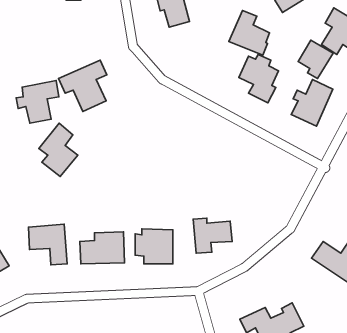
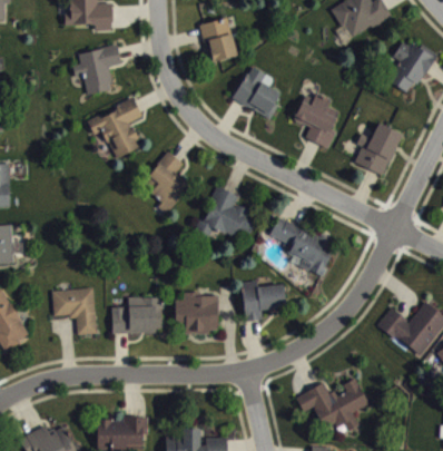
building: [229,10,270,55] -> [234,66,280,117]
building: [298,40,333,78] -> none
building: [16,80,59,123] -> [72,45,121,94]
building: [39,123,78,177] -> [145,150,189,212]
building: none -> [203,186,258,237]
building: none -> [270,217,336,275]

